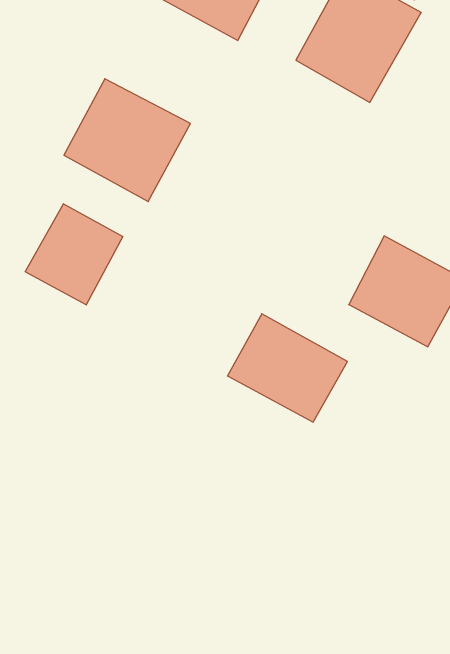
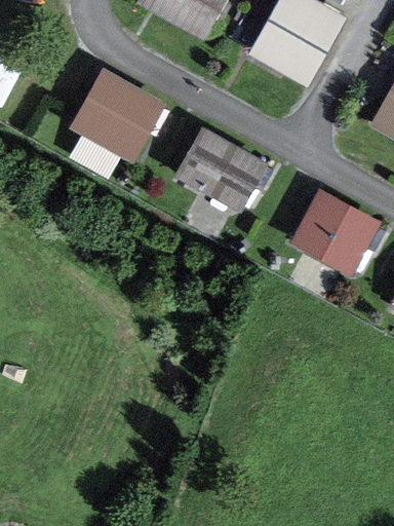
building: [25,204,123,305] -> none
building: [227,314,347,422] -> [175,129,269,214]

